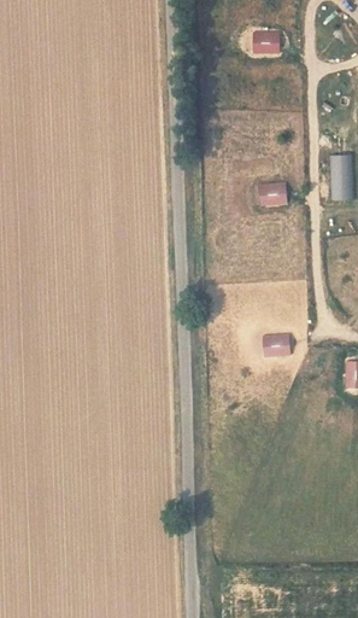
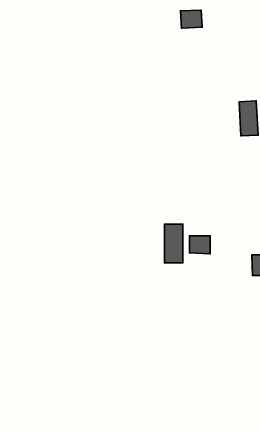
building: [257,183,286,206] -> none
building: none -> [165,224,183,263]

